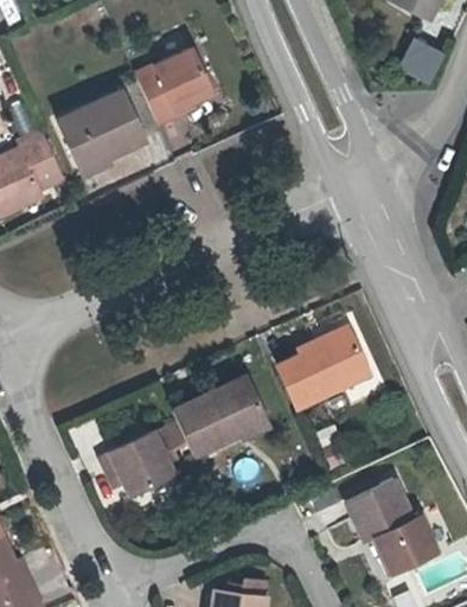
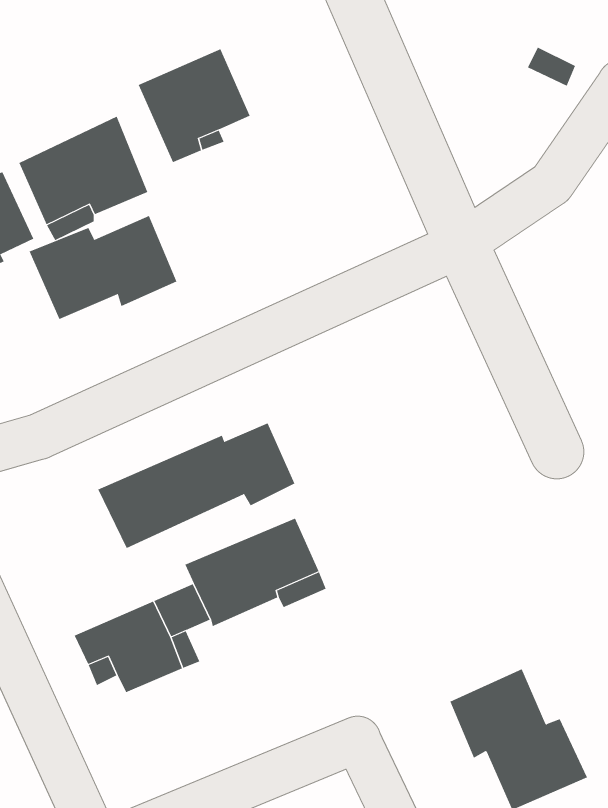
building: none -> [29,215,177,320]
building: none -> [97,423,295,549]
building: [276,328,375,410] -> none

